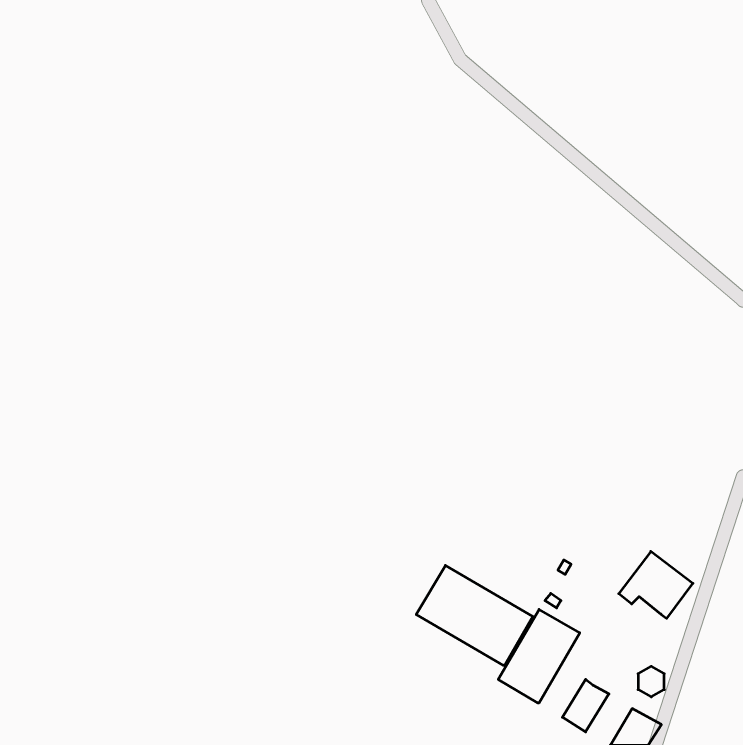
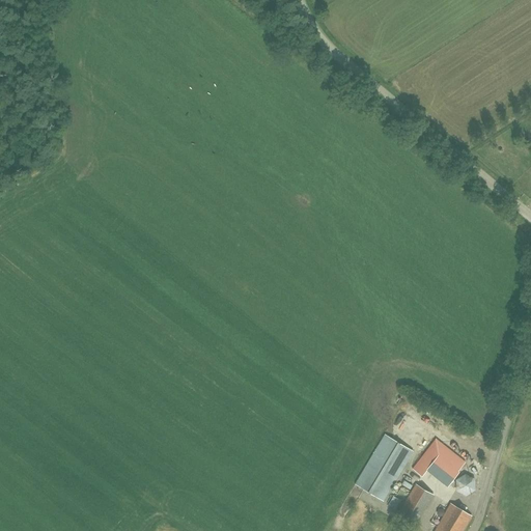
building: [619,551,693,618] -> [412,439,465,486]
building: [416,565,533,665] -> none

